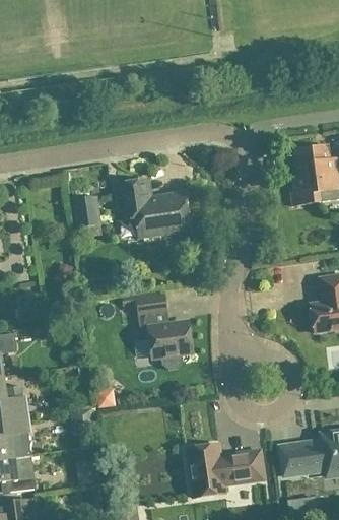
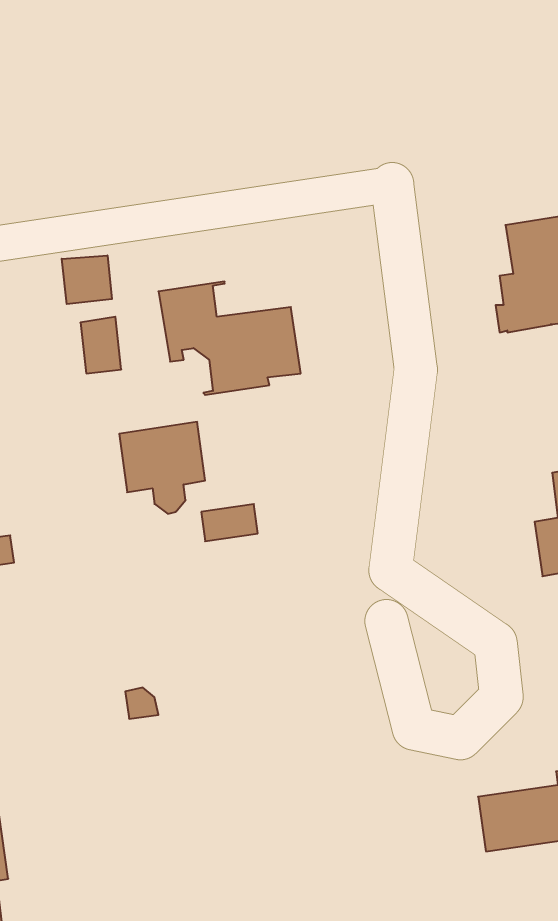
building: none -> [62,255,112,304]
building: [147,320,192,368] -> [119,422,205,514]
building: [186,443,264,496] -> none

